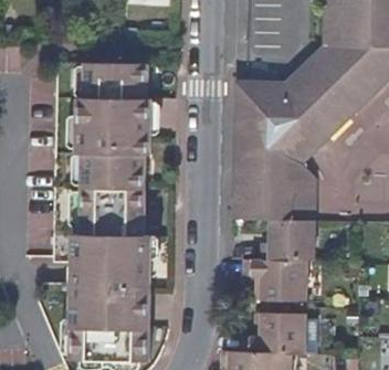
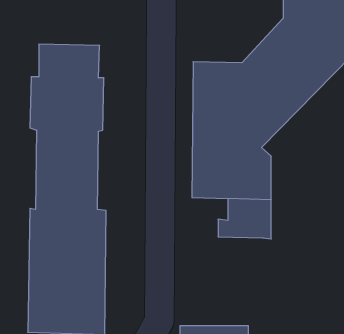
building: [242,260,306,300] -> none
building: [242,313,306,350] -> none

